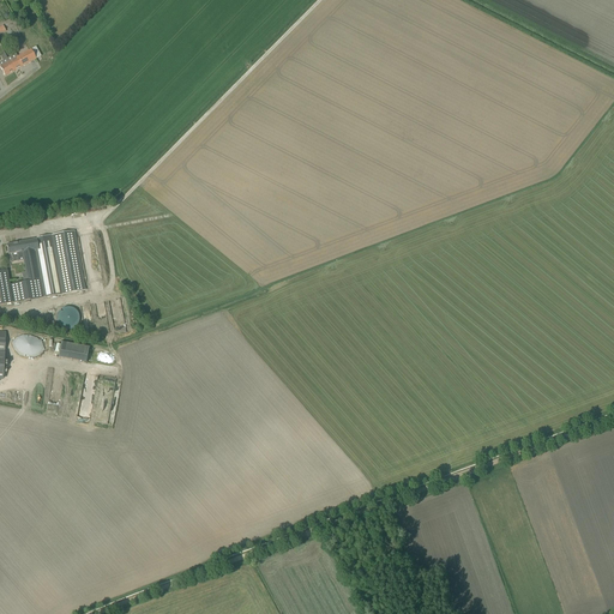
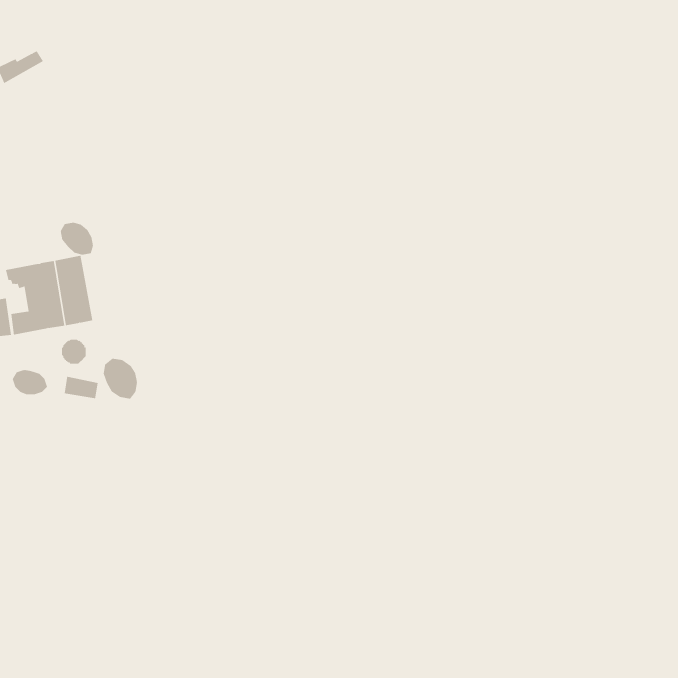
building: none -> [60,222,93,256]
building: none -> [103,358,137,399]

